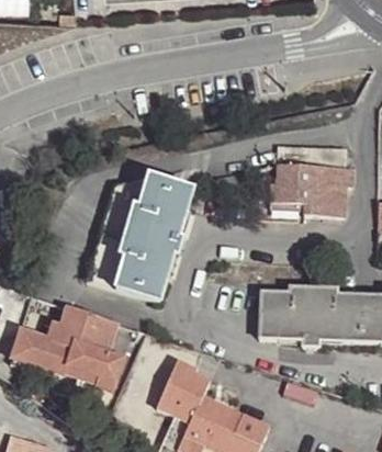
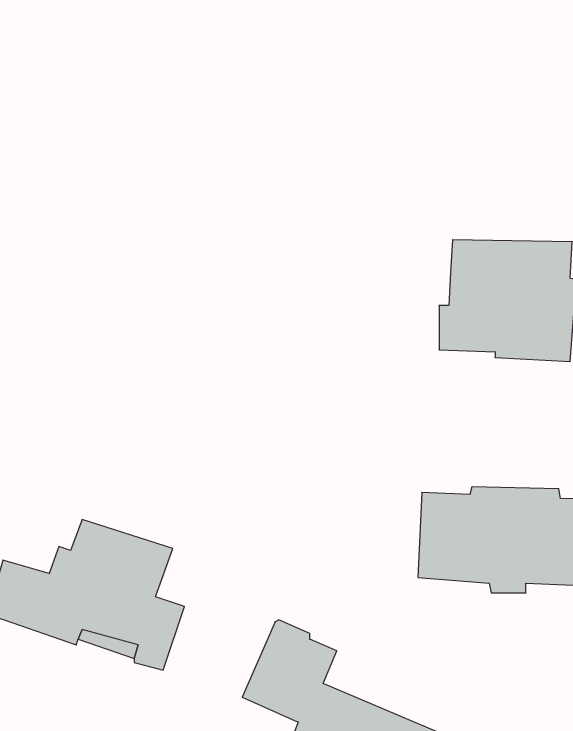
building: [89,179,194,302] -> none

